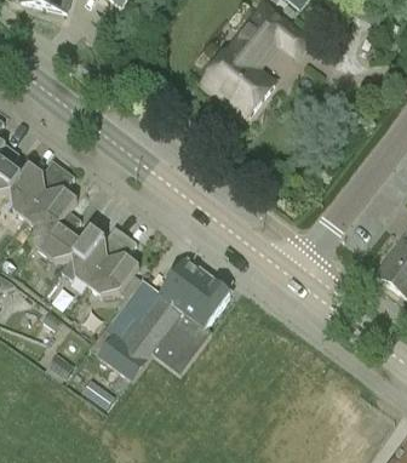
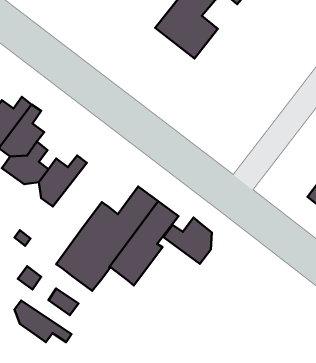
building: [86,234,142,308] -> none
building: none -> [164,218,212,264]
building: none -> [14,301,72,342]

